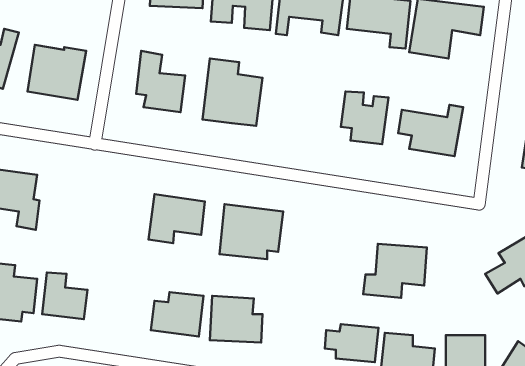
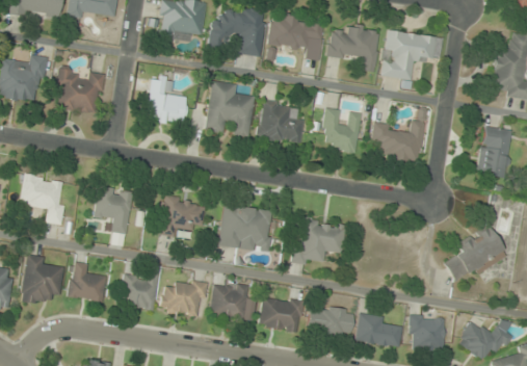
building: none -> [257,99,305,145]
building: none -> [94,185,133,234]
building: [363,244,427,298] -> [291,218,345,264]
building: none -> [121,268,158,309]
building: none -> [258,294,304,333]

